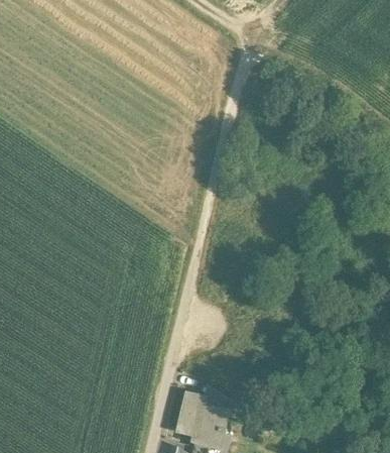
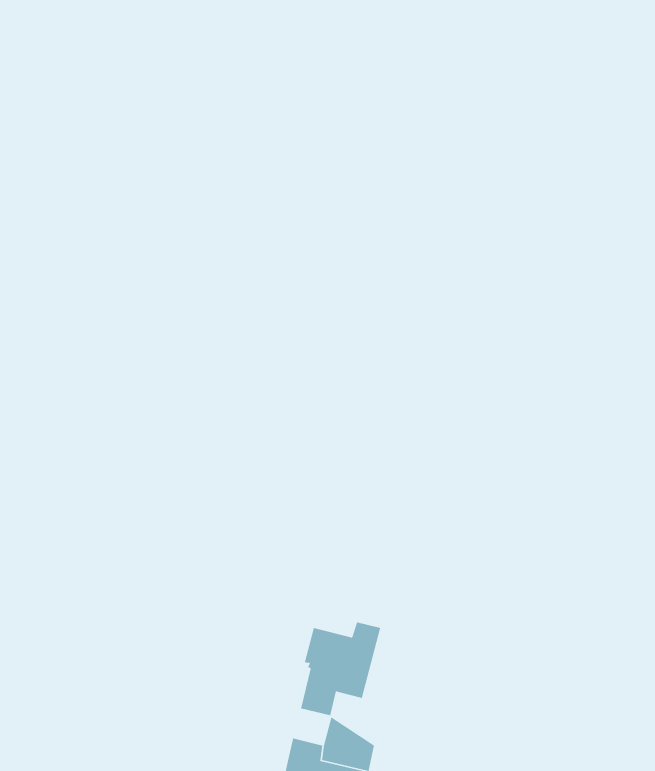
building: none -> [300,622,381,716]

